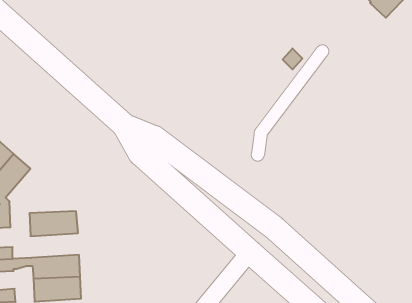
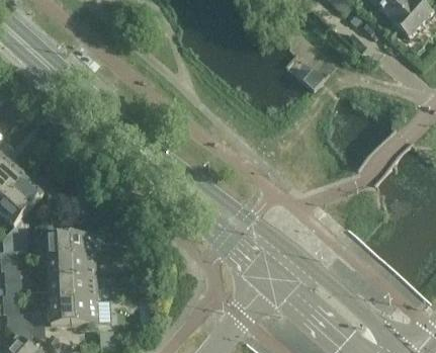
building: none -> [46,255,95,280]

